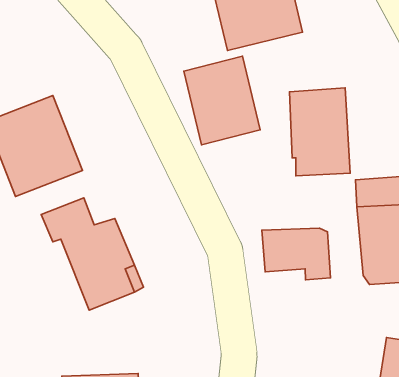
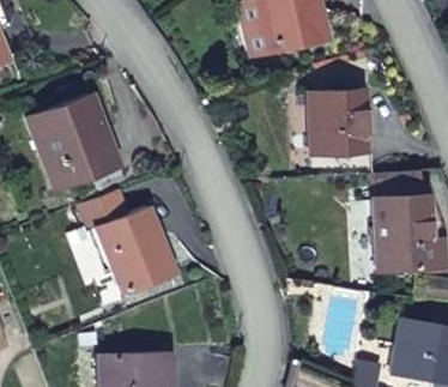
building: [184,56,260,145] -> none
building: [262,228,330,280] -> none

